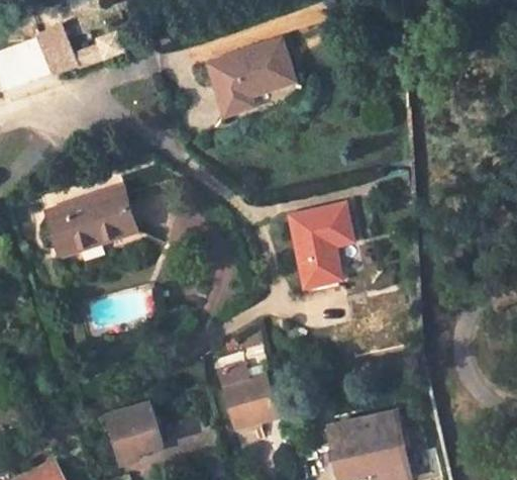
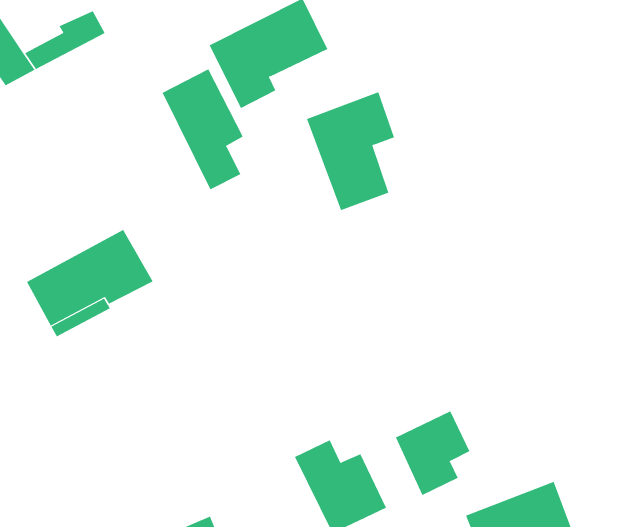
building: none -> [162,69,243,190]
building: [288,205,348,285] -> [306,92,395,211]
building: none -> [395,411,470,496]

